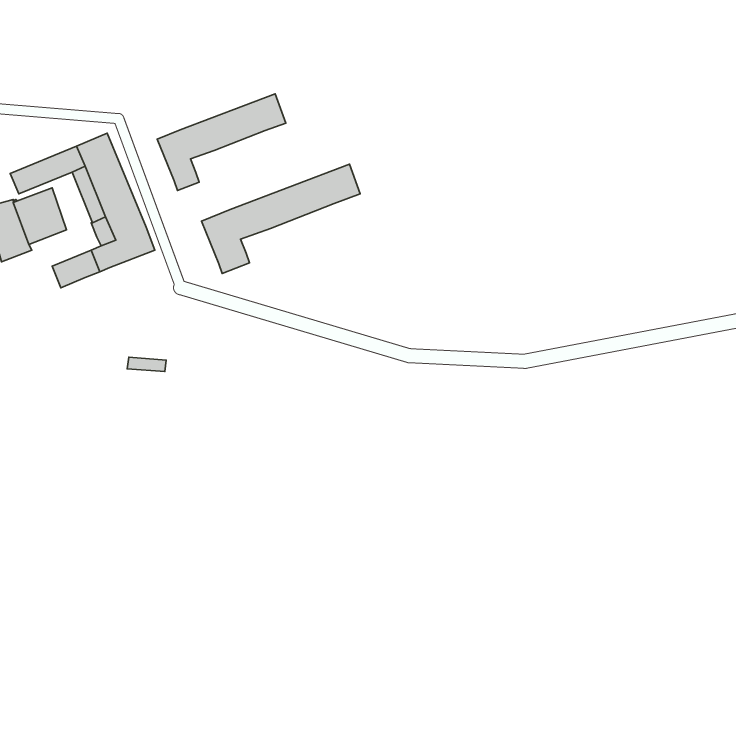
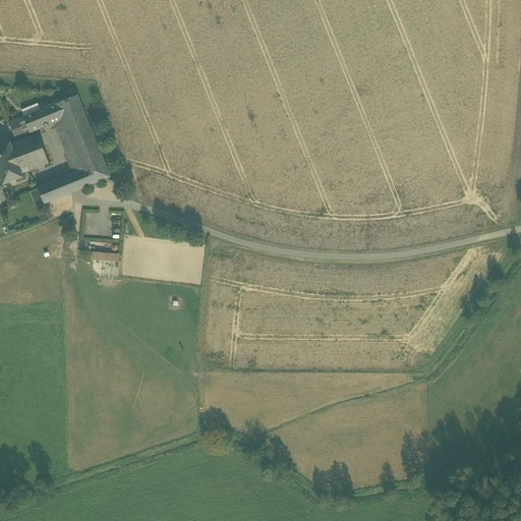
building: [157,94,286,191] -> none
building: [201,164,360,274] -> none

